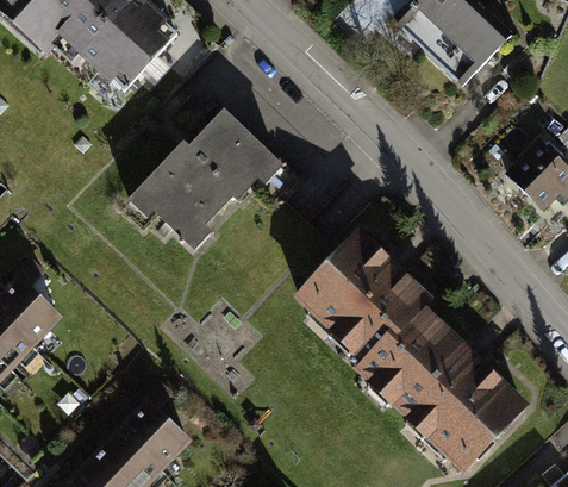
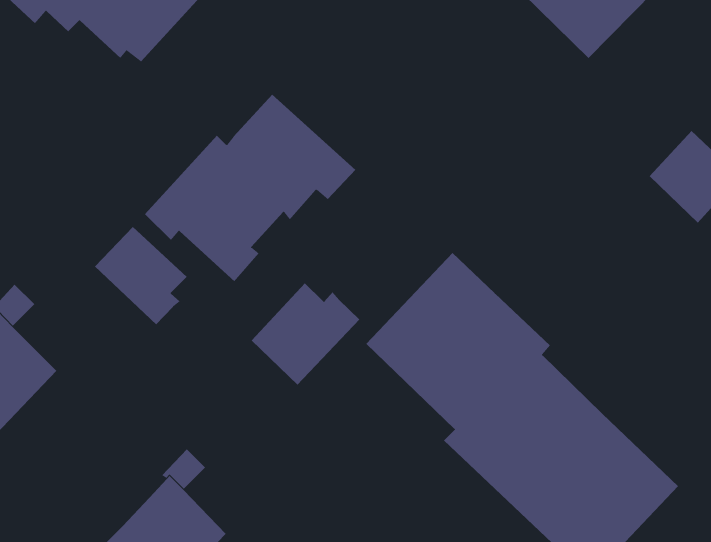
building: none -> [94,226,187,325]
building: none -> [251,283,360,386]

